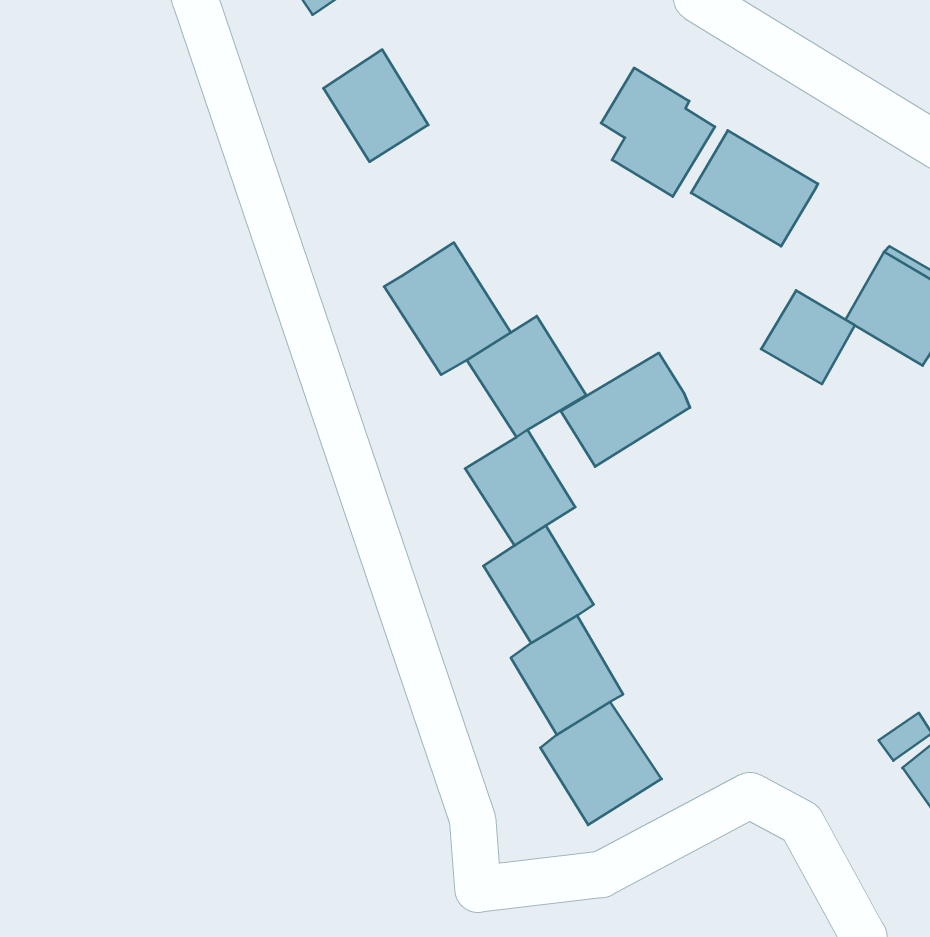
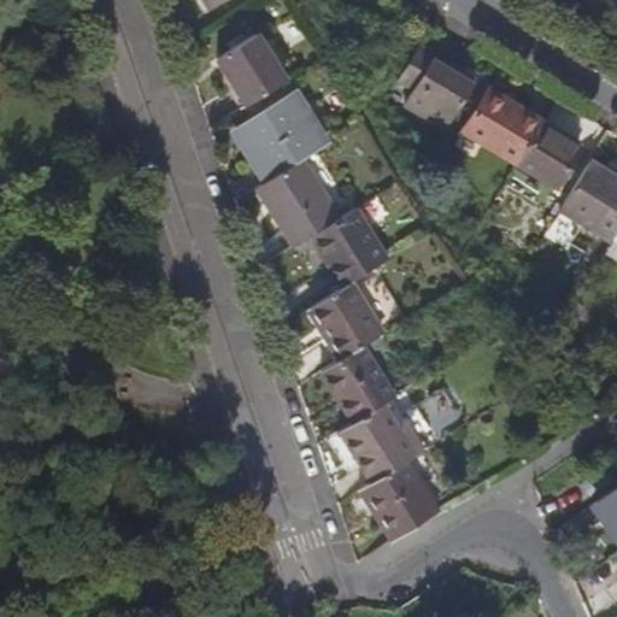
building: none -> [237,95,327,181]
building: [761,290,855,384] -> [518,123,580,184]
building: [561,353,690,467] -> none

